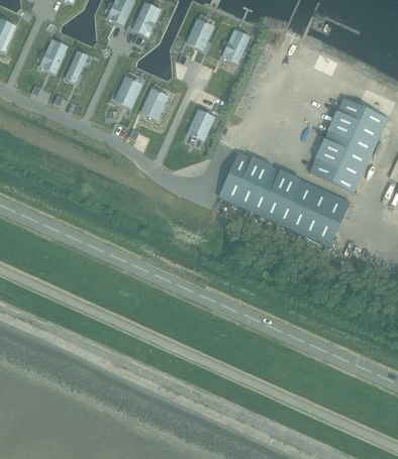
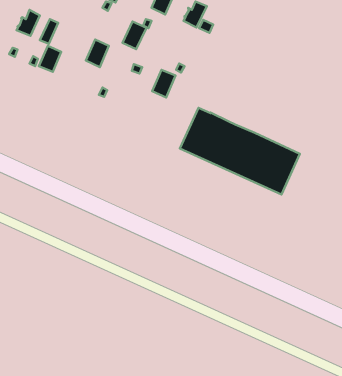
building: none -> [39,46,61,72]
building: [140,89,167,119] -> [122,22,146,49]
building: [309,98,387,192] -> none

